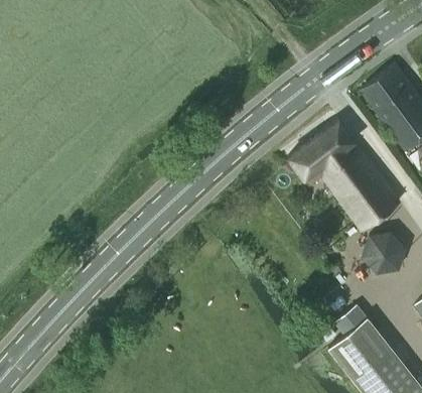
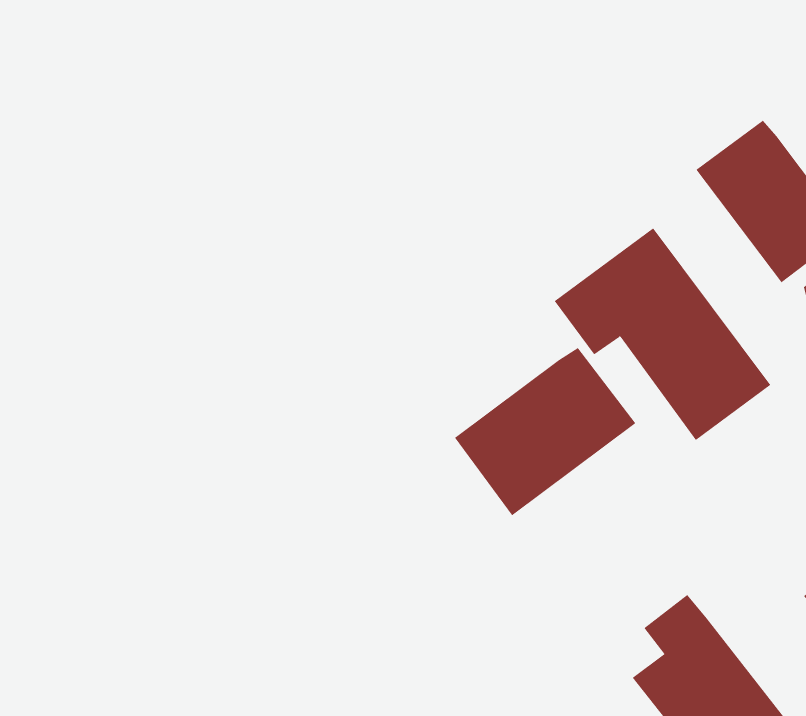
building: none -> [454,347,636,516]
building: [363,233,405,273] -> none

